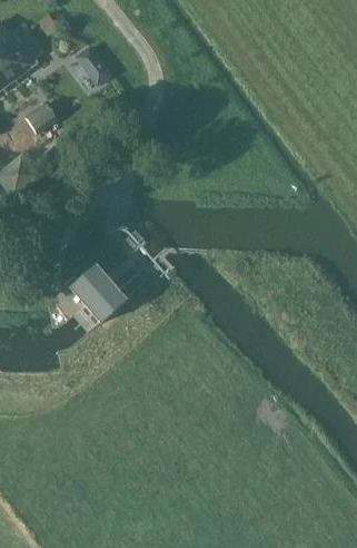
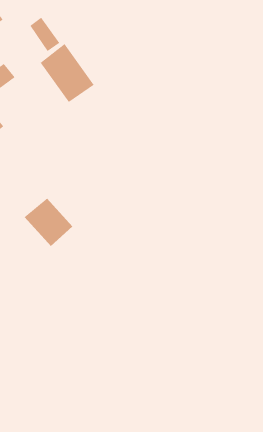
building: none -> [40,43,94,103]

